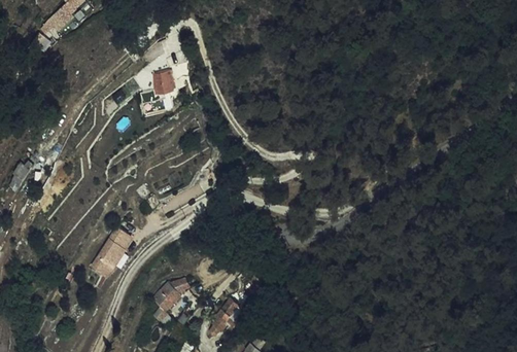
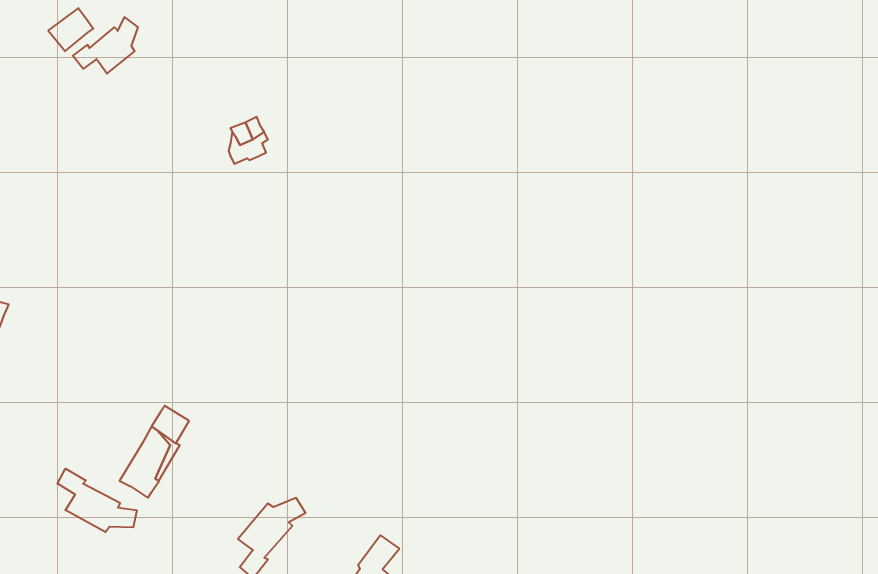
building: none -> [73,17,138,74]
building: none -> [57,469,137,532]

